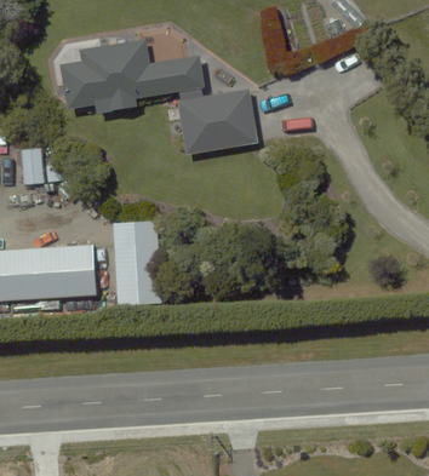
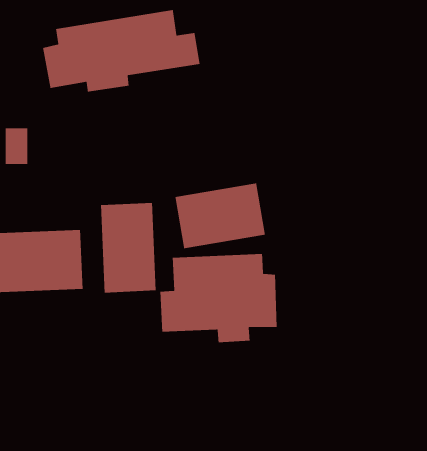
building: [175,92,261,155] -> [174,182,266,249]
building: none -> [160,253,277,343]

